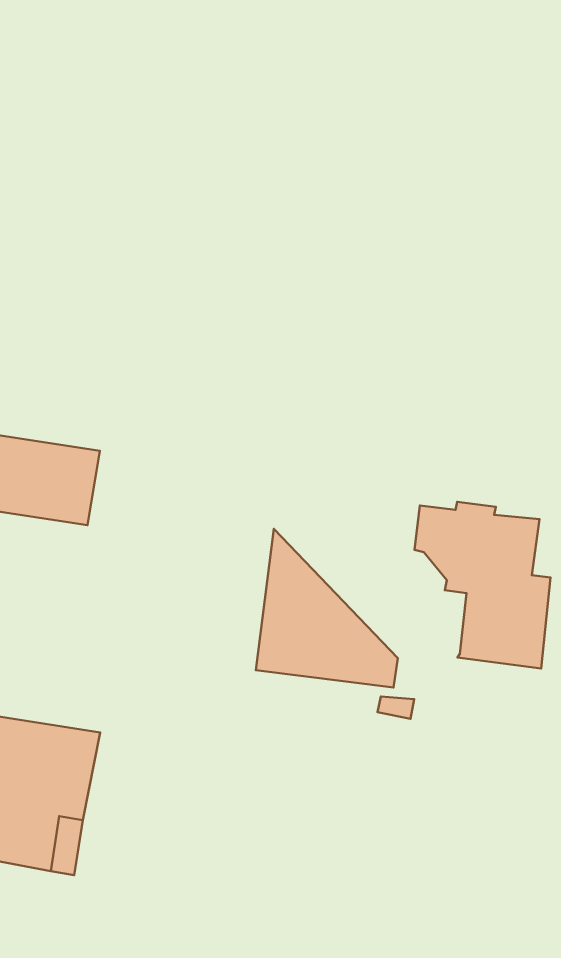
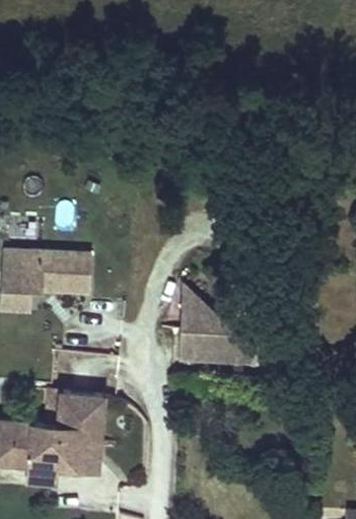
building: [415,502,550,669] -> none

